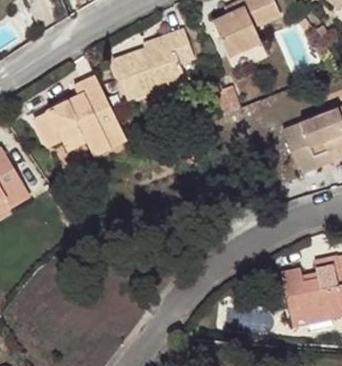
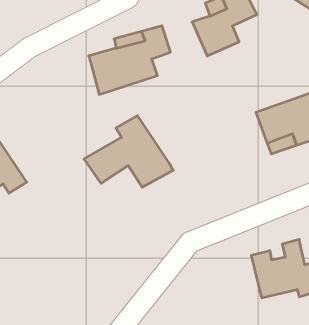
building: [32,83,127,159] -> [84,116,173,187]

